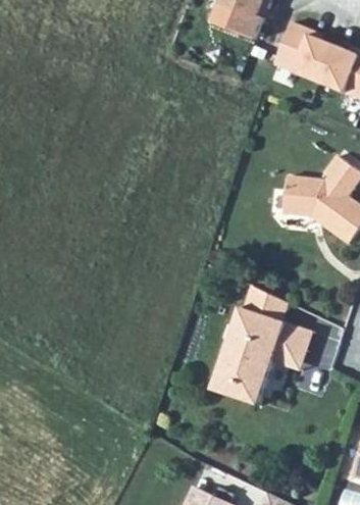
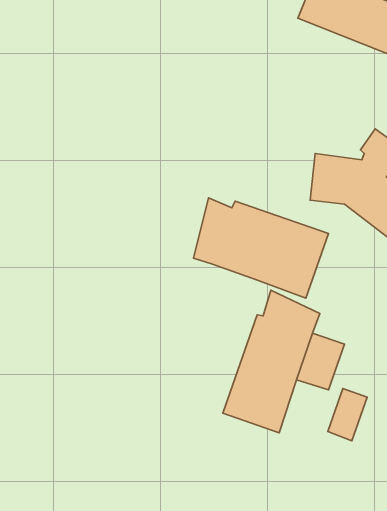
building: none -> [193,198,328,298]
building: none -> [328,388,367,441]

